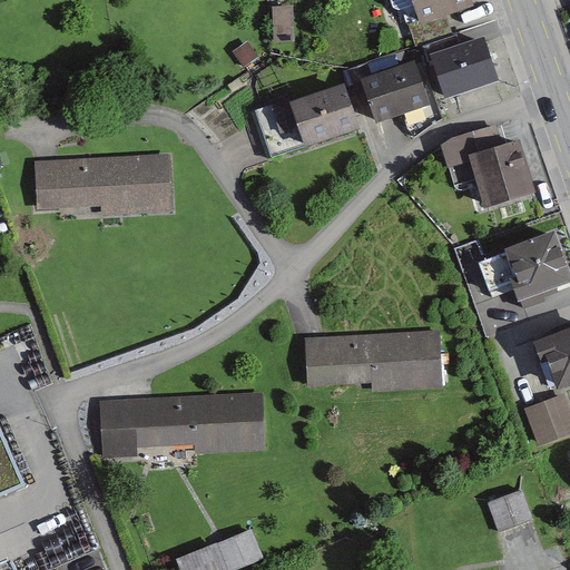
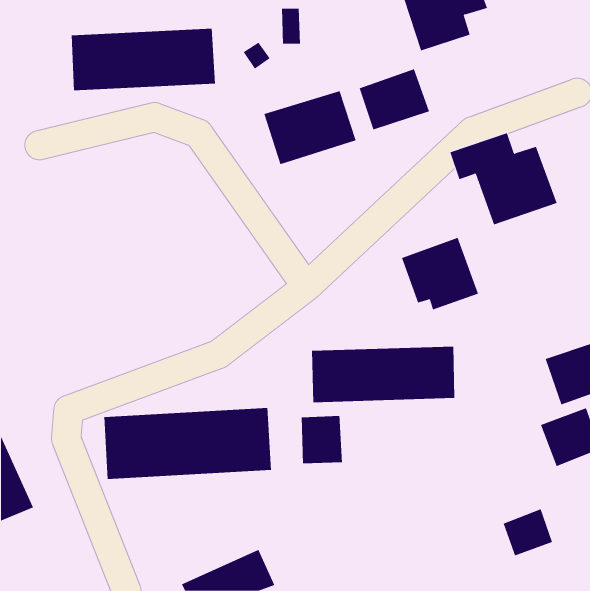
building: [415,36,499,99] -> none
building: [38,154,177,214] -> [71,28,216,91]
building: [487,236,561,306] -> [401,237,479,310]
building: none -> [301,415,343,464]

